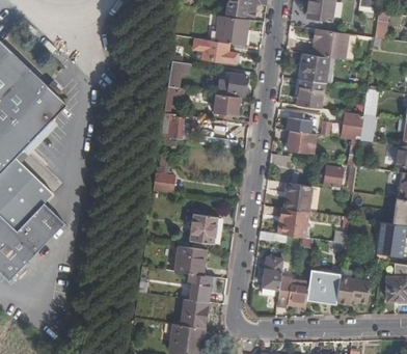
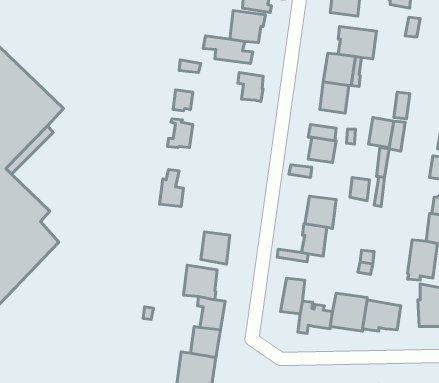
building: [214,92,239,115] -> none

